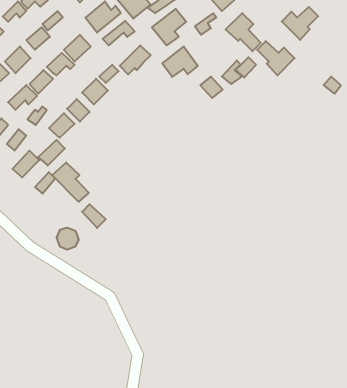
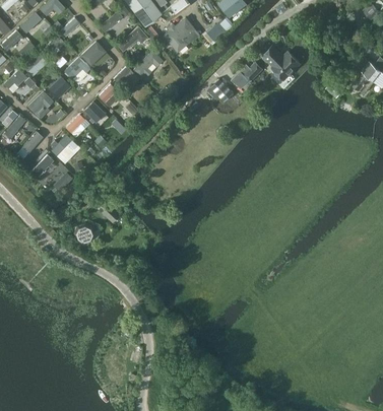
building: [282,7,318,40] -> none
building: [226,13,261,51] -> none
building: [162,47,198,77] -> none
building: [52,162,89,202] -> none

